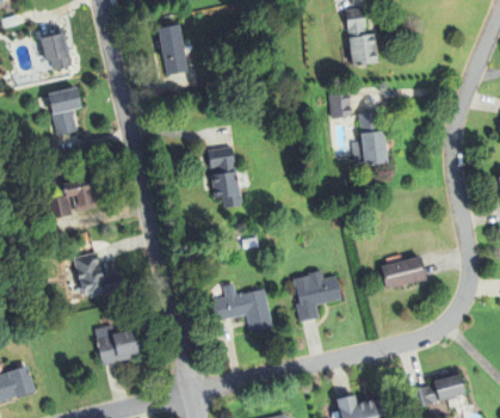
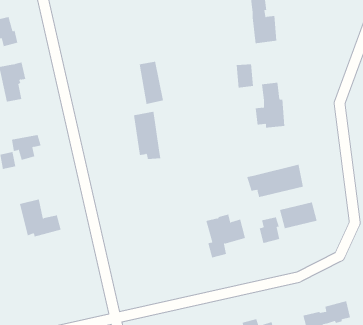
building: [159,25,189,76] -> [139,61,164,104]
building: none -> [246,164,304,198]
building: none -> [259,216,280,244]
building: [210,283,272,331] -> none
building: [94,324,142,365] -> none

